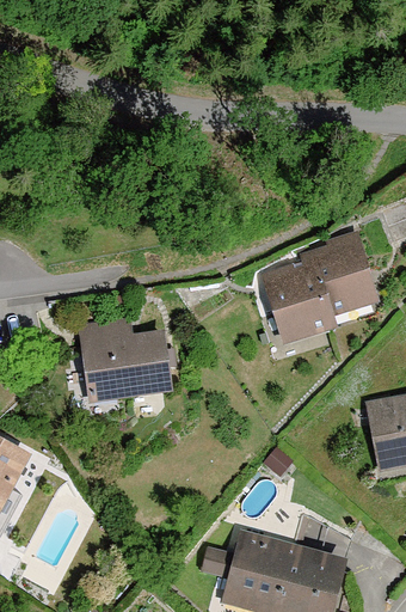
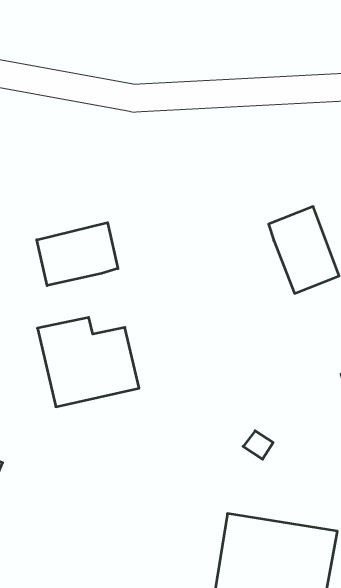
building: none -> [37,223,118,286]
building: [259,262,333,347] -> none

